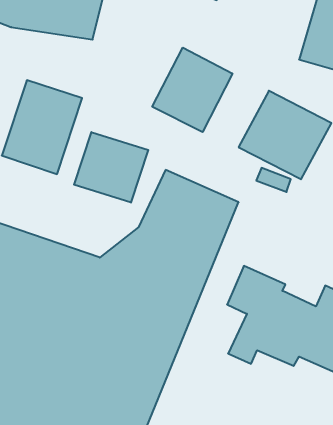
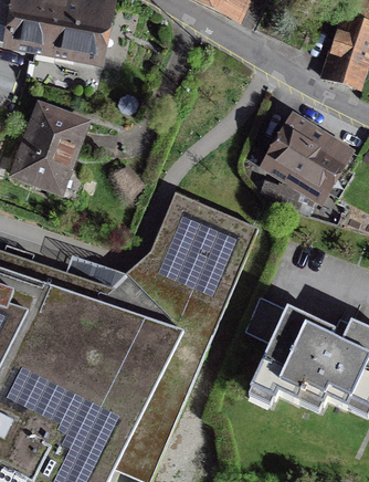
building: [152,48,232,132] -> none
building: [74,132,148,203] -> none

